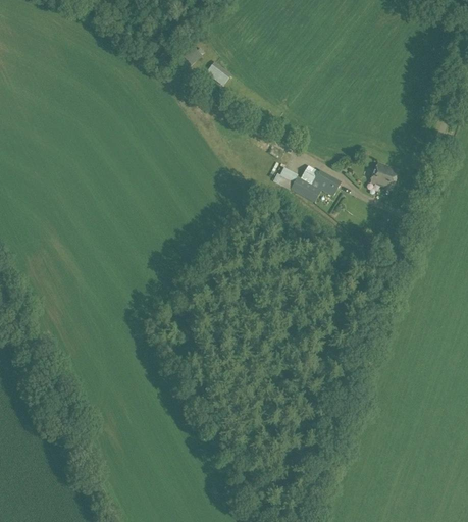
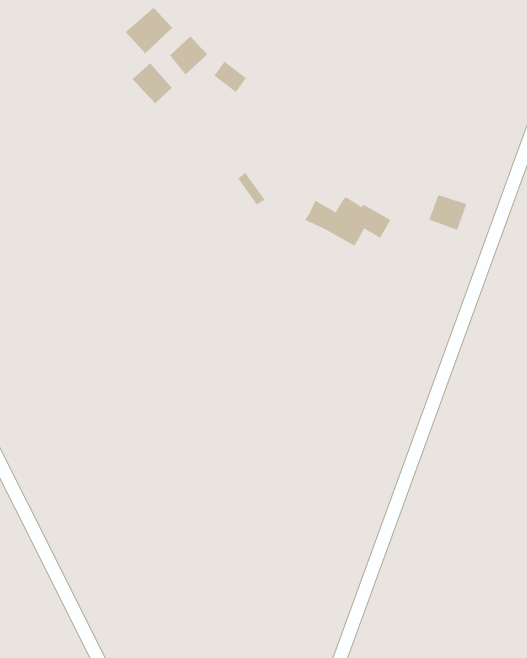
building: none -> [125,7,173,54]
building: none -> [132,62,173,104]

